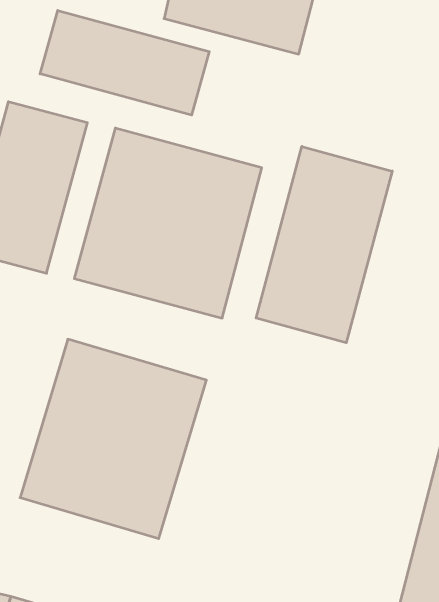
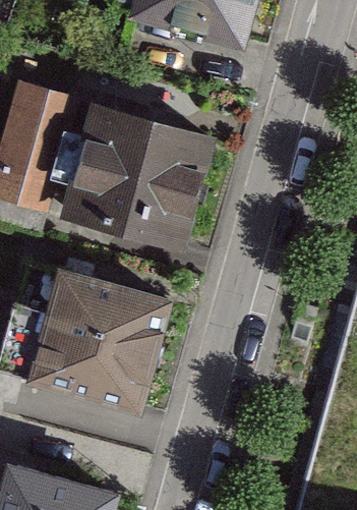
building: [40,10,209,115] -> none
building: [256,146,392,343] -> none

